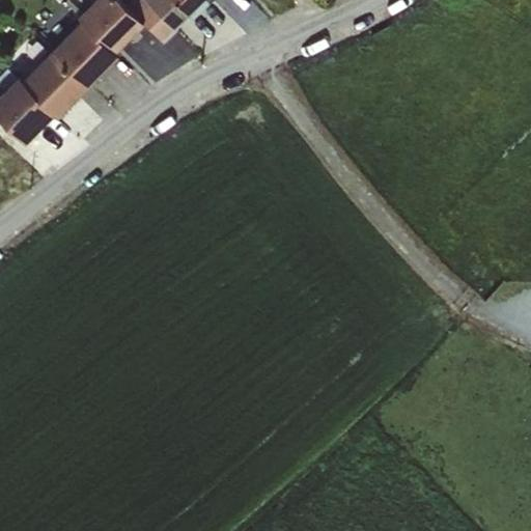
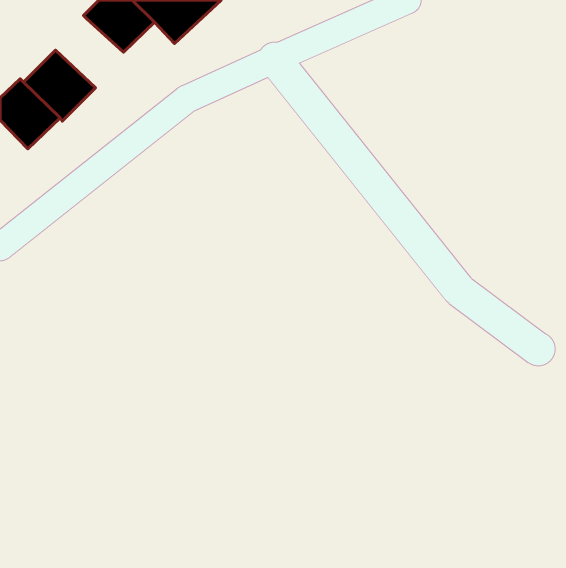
building: [54,18,121,82] -> none

